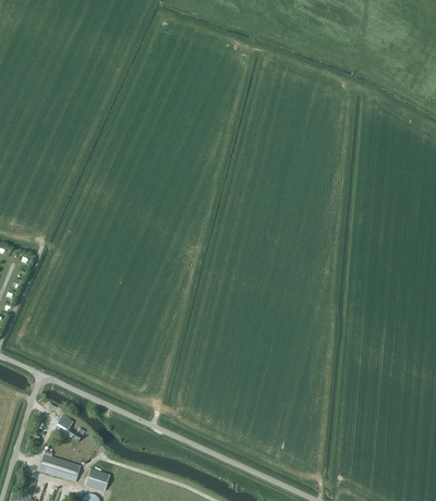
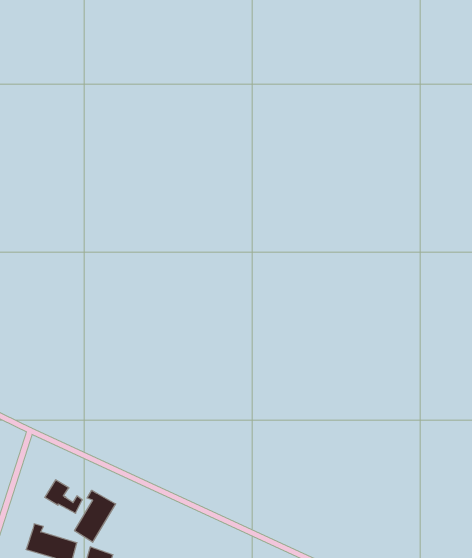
building: none -> [75,490,116,542]

